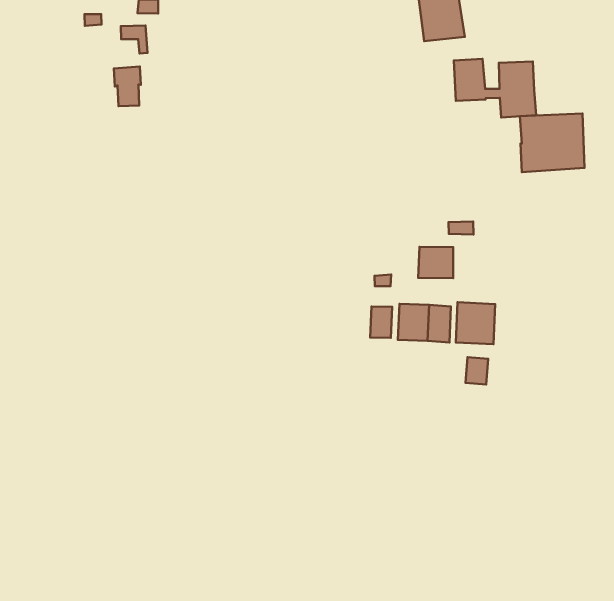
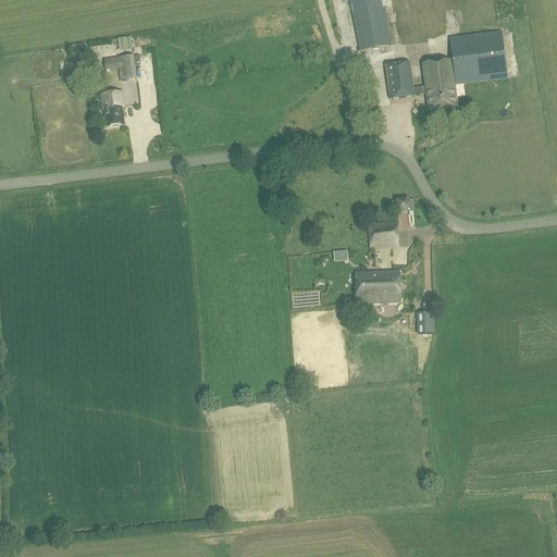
building: [520,113,585,172] -> [449,29,507,83]
building: [456,302,495,344] -> none
building: [370,307,392,338] -> none

